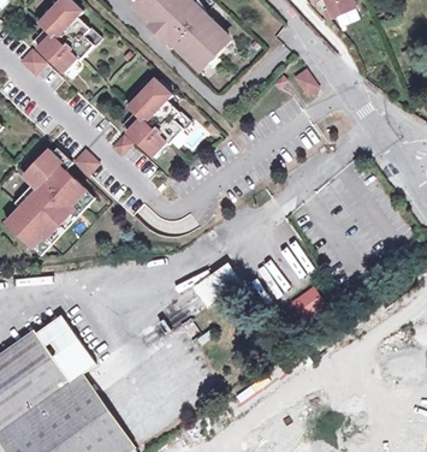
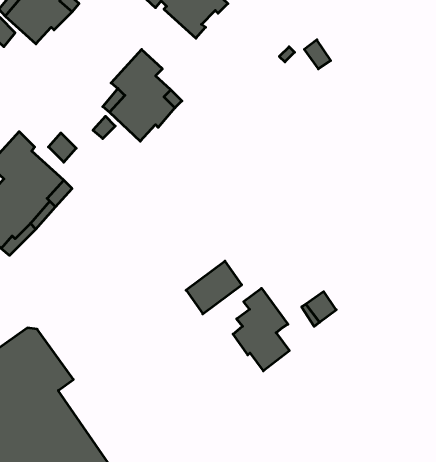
building: none -> [233,288,289,371]

